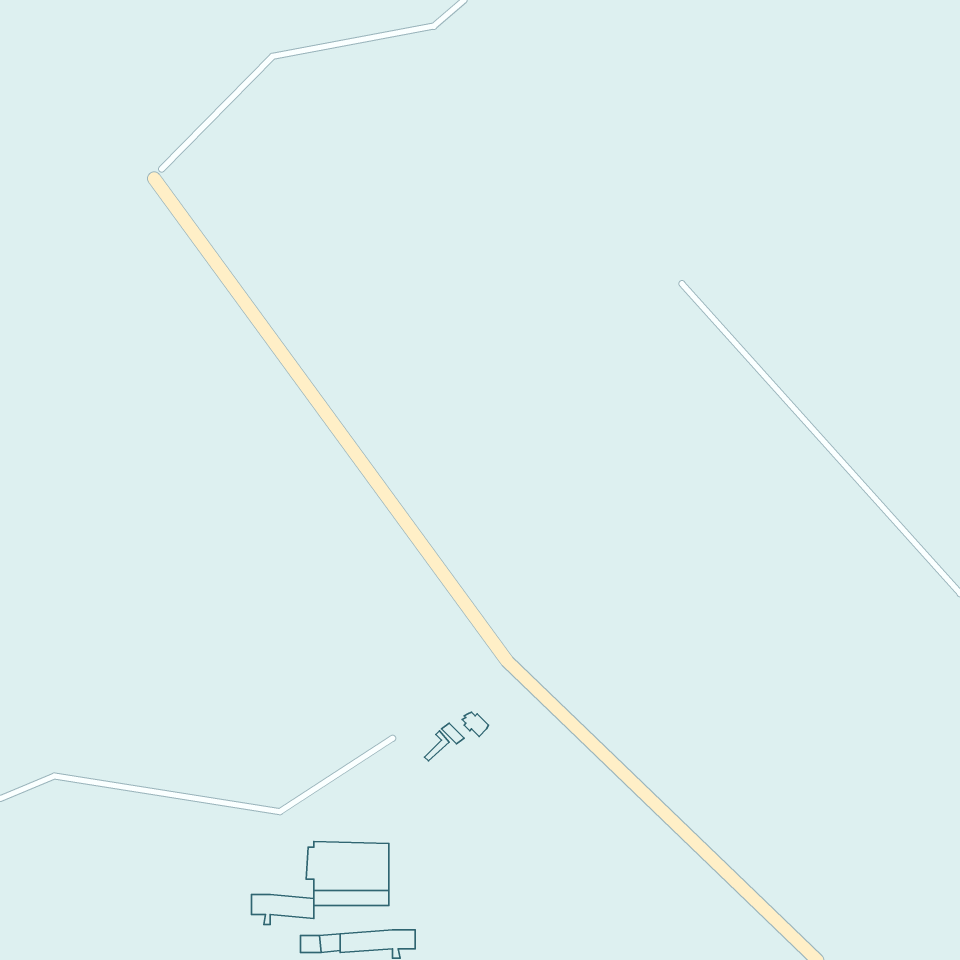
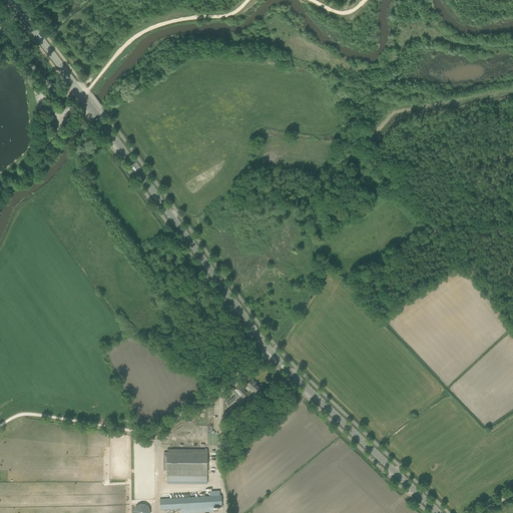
building: [251,894,314,924] -> none

